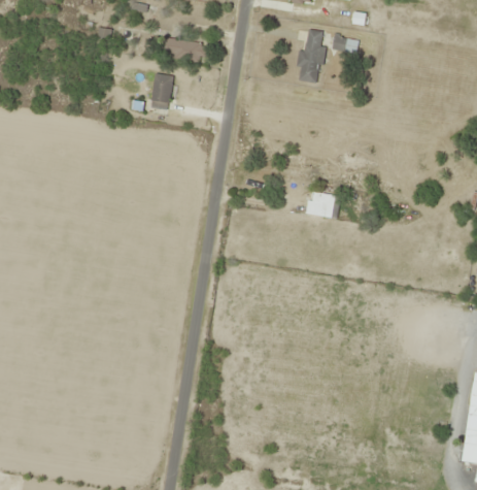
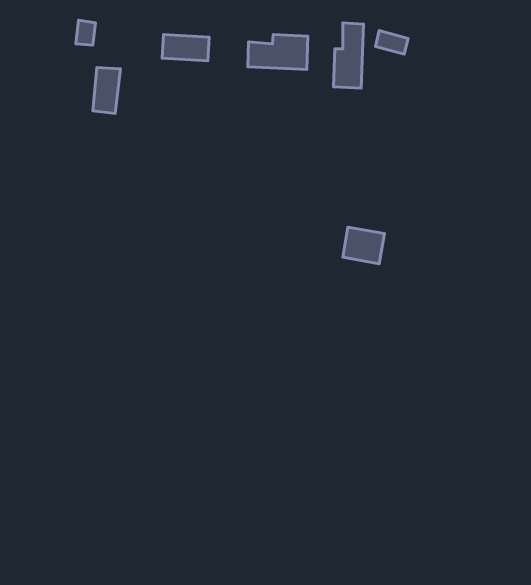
building: none -> [248,35,308,69]
building: [150,74,172,110] -> [93,68,120,113]

